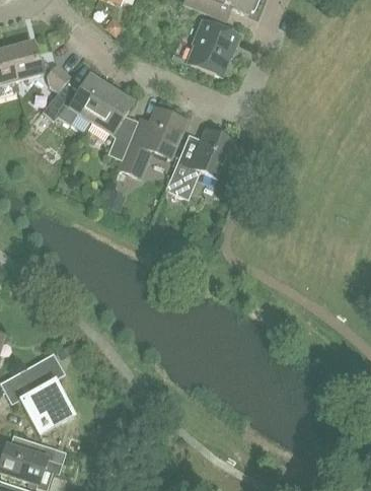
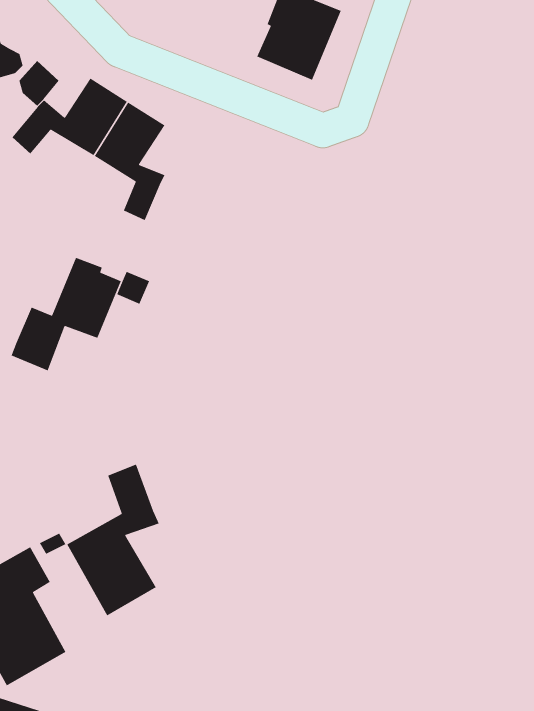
building: [119,108,184,176] -> [11,257,122,371]
building: [165,128,234,199] -> none
building: none -> [66,463,160,616]

